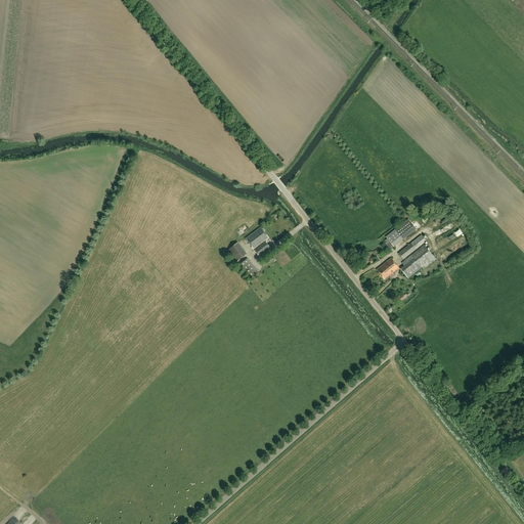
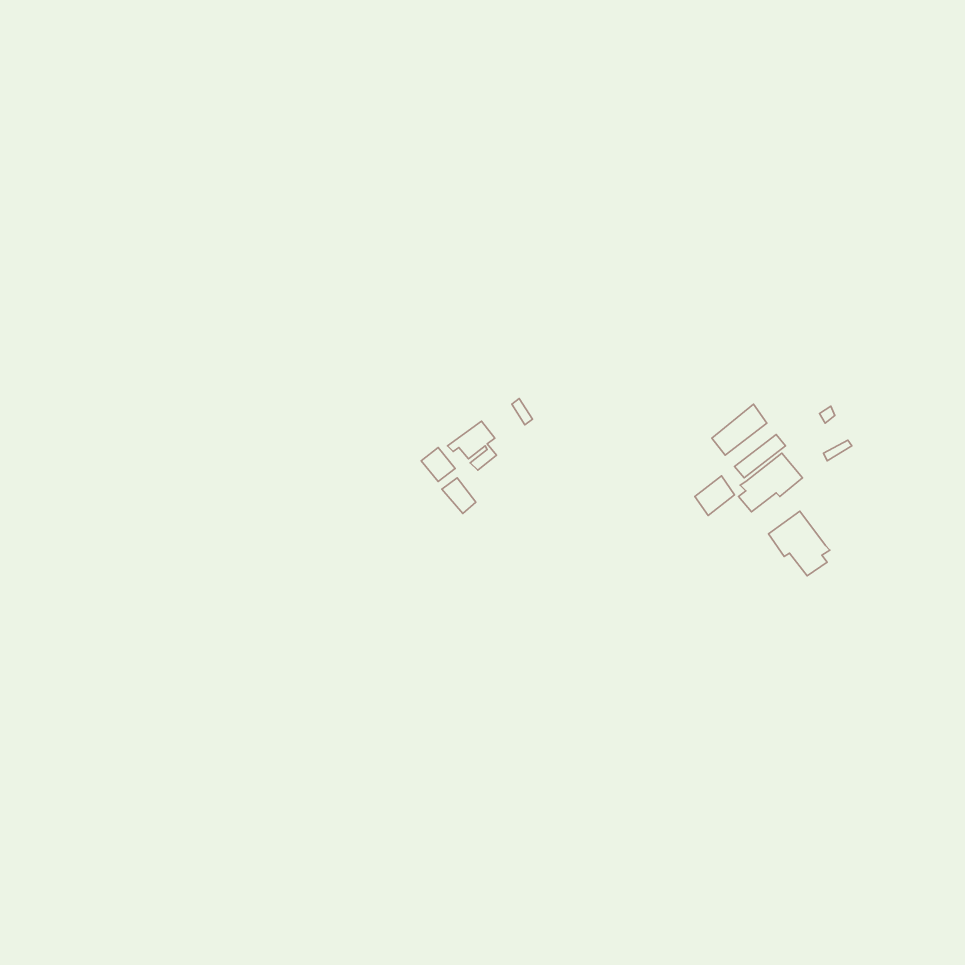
building: none -> [768,511,830,576]

